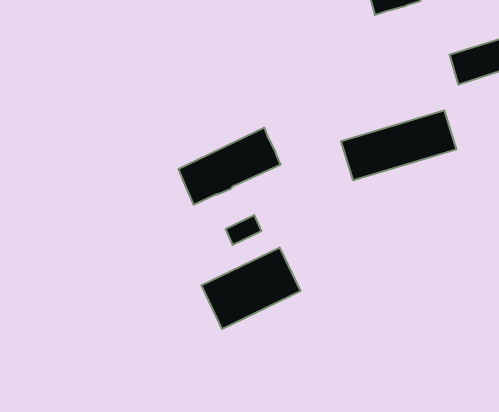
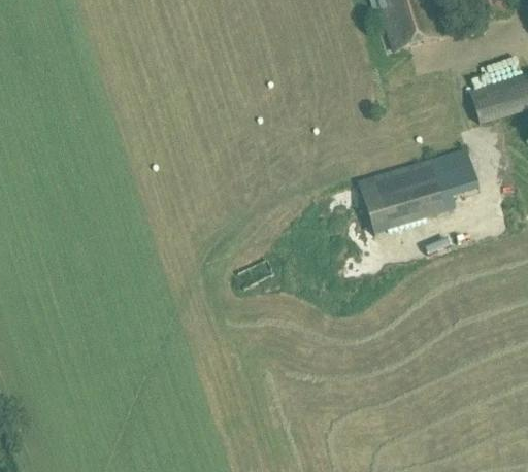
building: [179,127,281,205] -> none
building: [201,247,300,329] -> none

